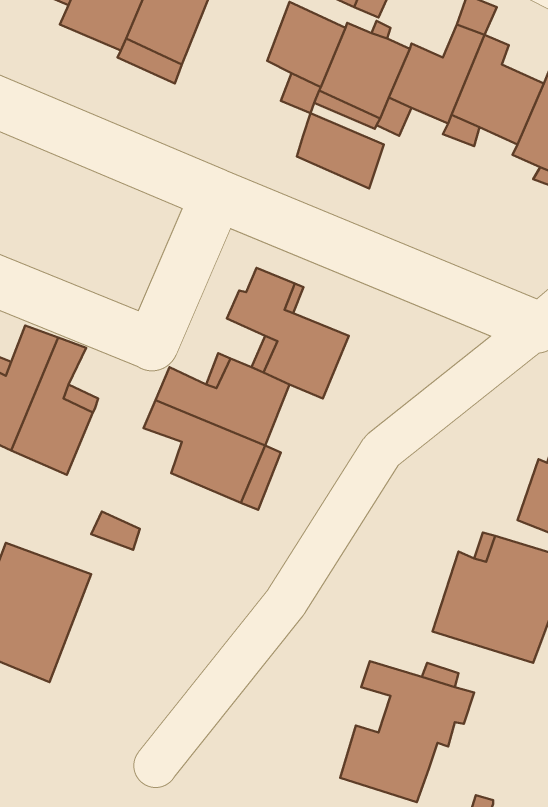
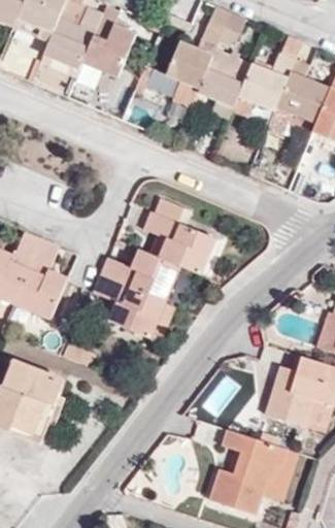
building: [297,113,384,188] -> none
building: none -> [263,449,299,501]

